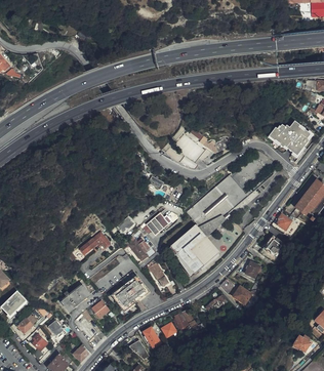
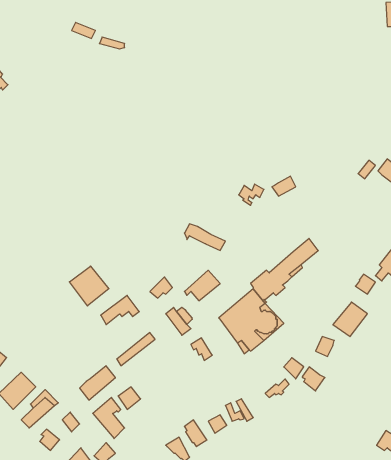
building: [187,175,240,221] -> none
building: none -> [69,266,109,306]
building: [113,276,150,312] -> none

